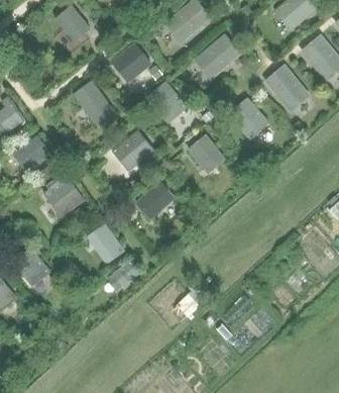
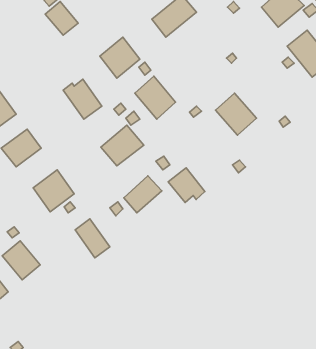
building: [194,34,239,77] -> none
building: [264,64,311,112] -> none
building: [188,135,225,171] -> [168,168,205,203]

